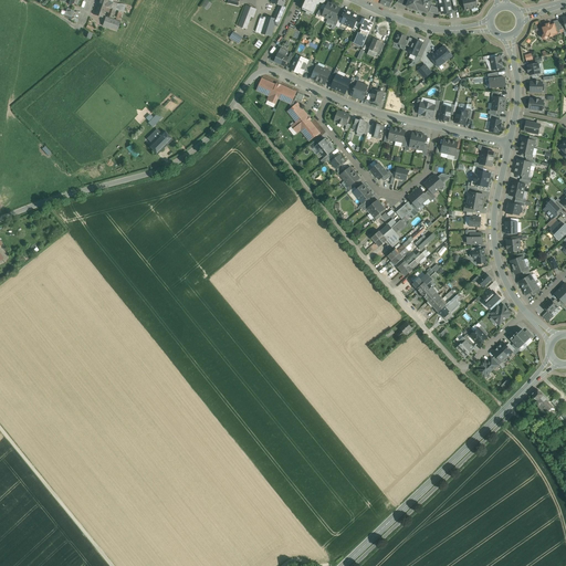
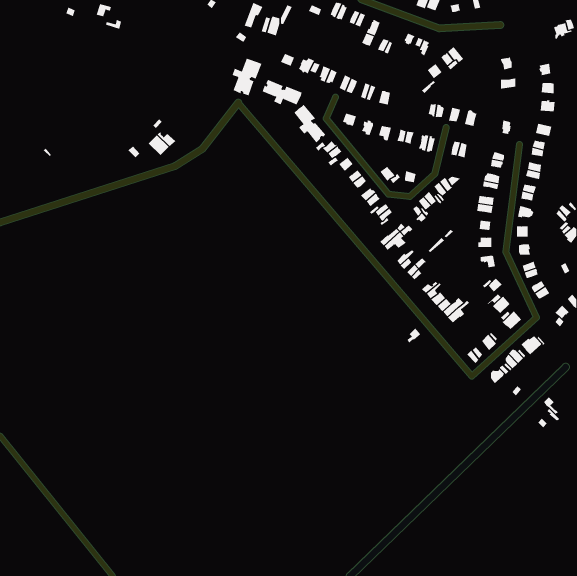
building: none -> [232,58,262,96]

